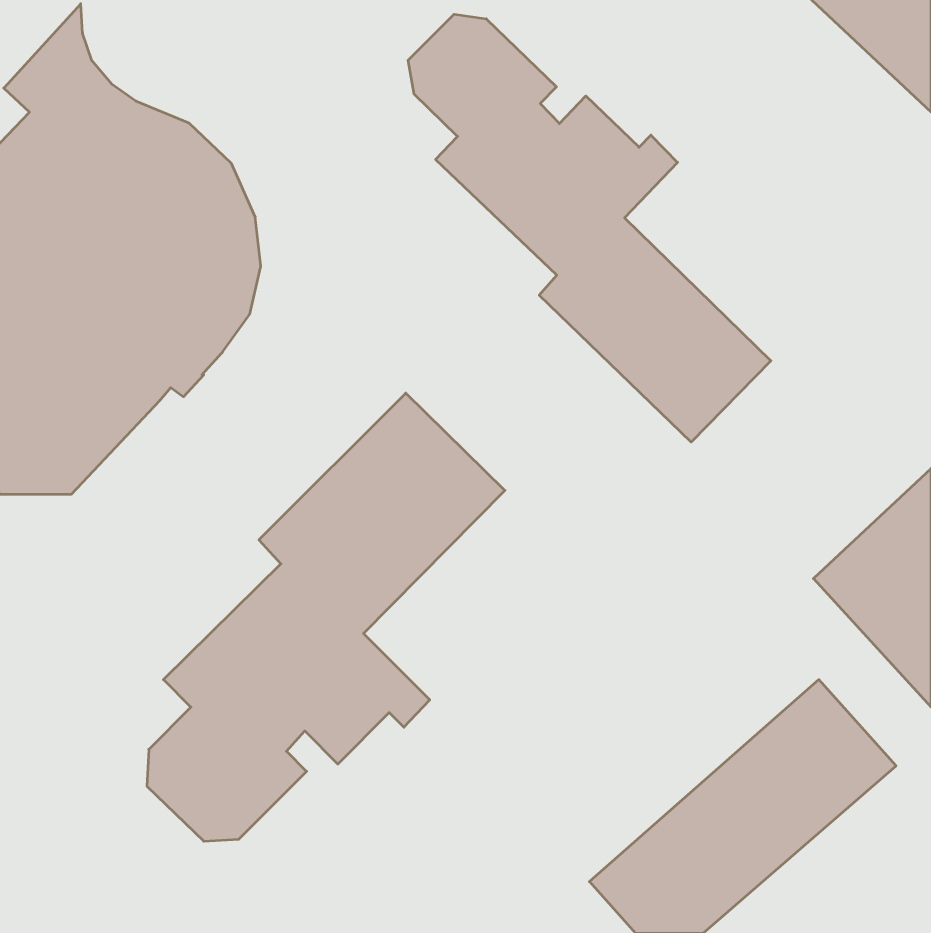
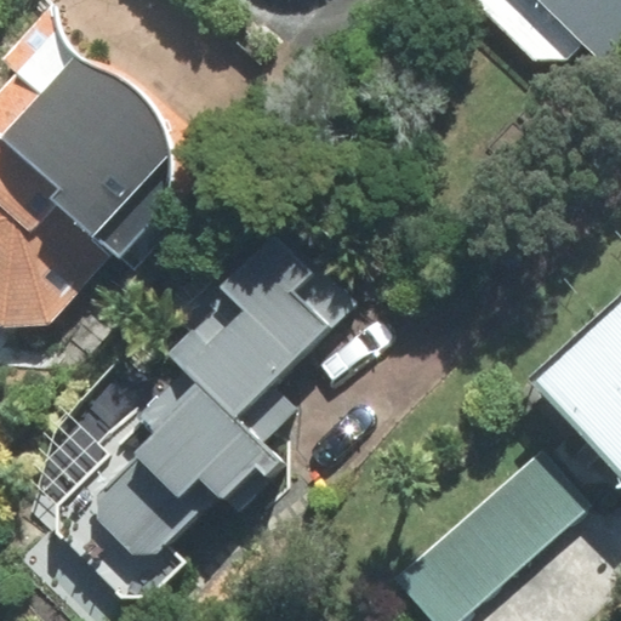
building: [408,14,771,442] -> none

